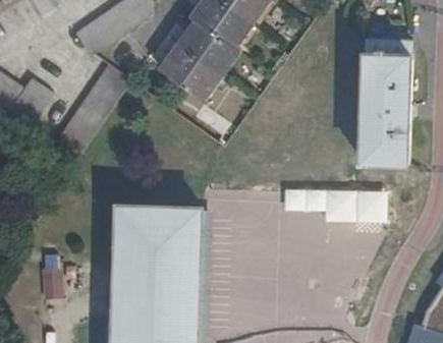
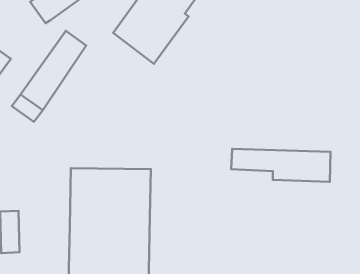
building: [362,39,410,167] -> none

